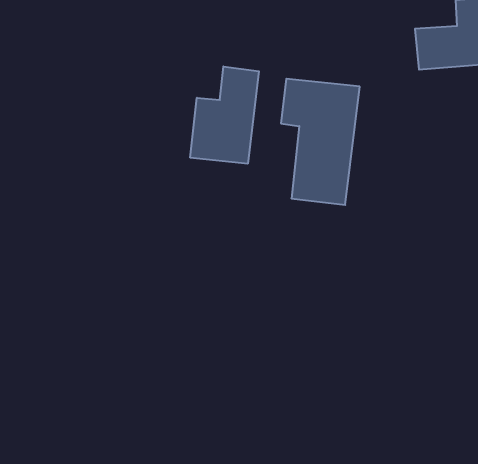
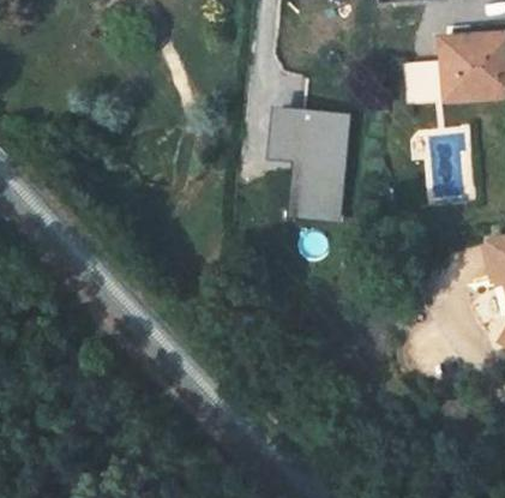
building: [190,66,259,164] -> none

